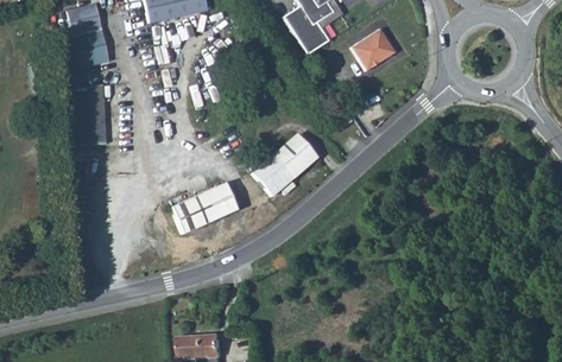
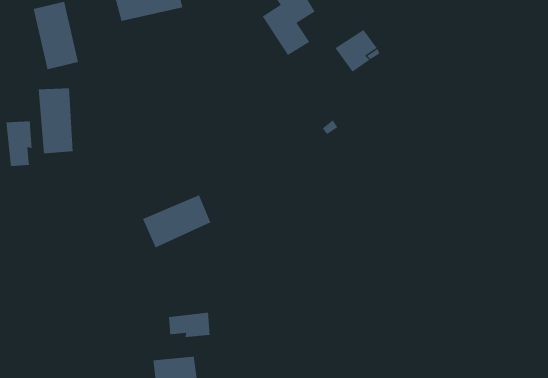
building: none -> [6,121,32,167]
building: [252,135,314,196] -> none
building: none -> [169,312,210,338]

